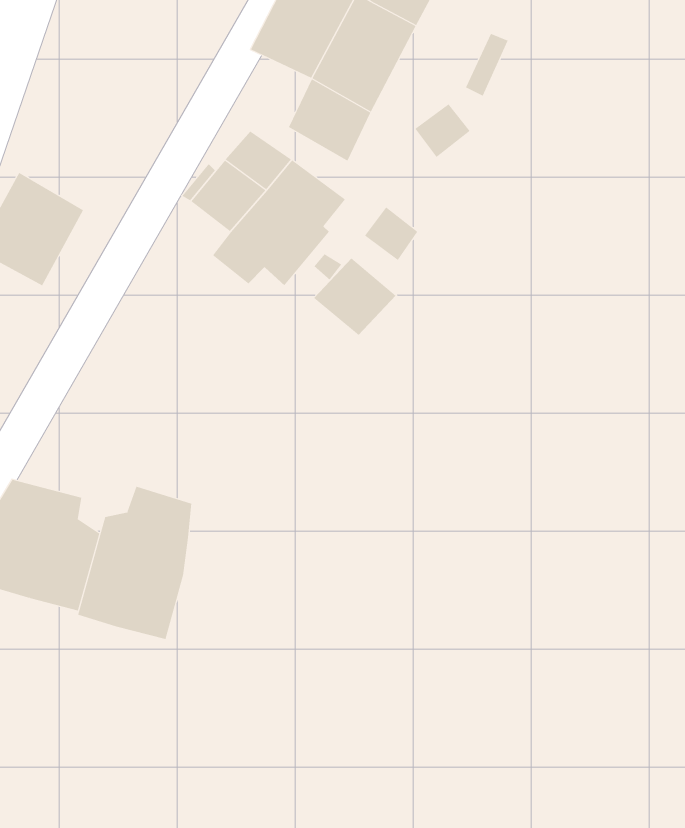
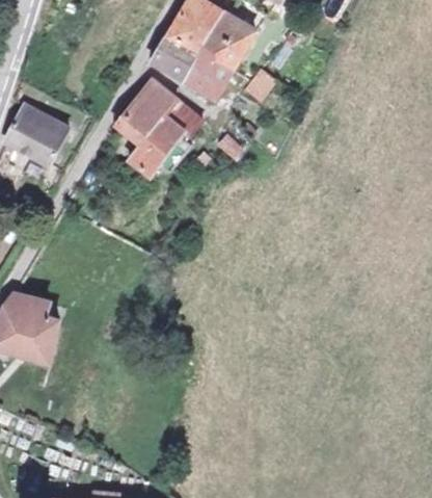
building: none -> [141,38,189,83]
building: [313,258,397,336] -> none
building: [77,486,192,640] -> none

